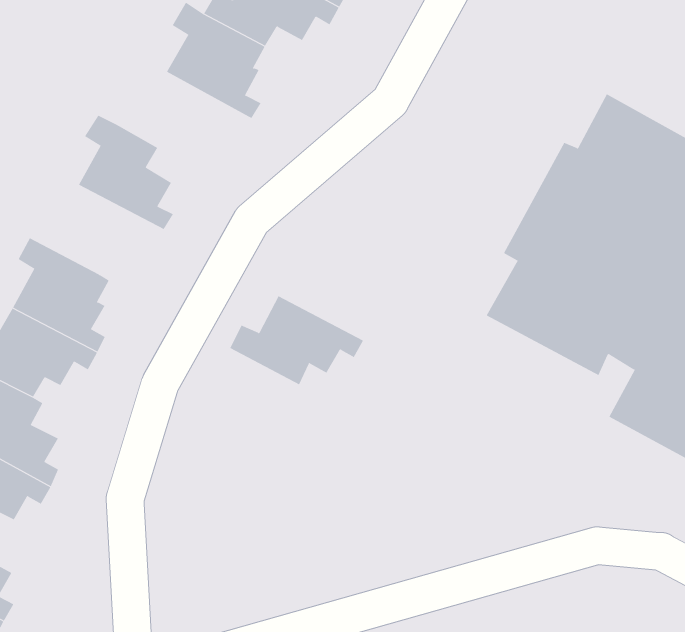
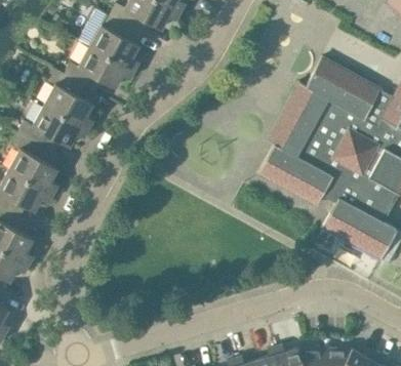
building: none -> [64,46,134,92]
building: [229,296,364,385] -> [17,106,88,153]

